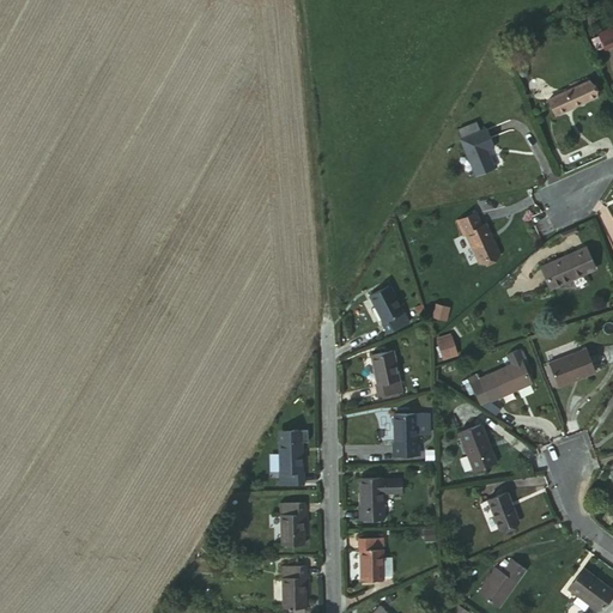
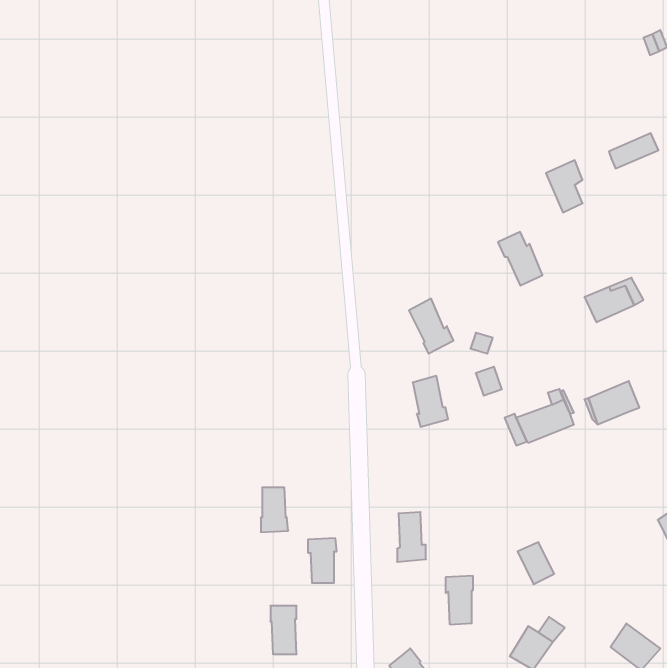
building: [548,84,594,116] -> [609,133,659,168]
building: [457,127,491,175] -> [546,160,583,212]
building: [390,407,427,450] -> none
building: [456,432,488,478] -> none
building: [285,433,310,474] -> [261,488,288,532]
building: [365,532,390,576] -> [446,576,473,624]
building: [287,562,311,606] -> [270,606,297,654]

